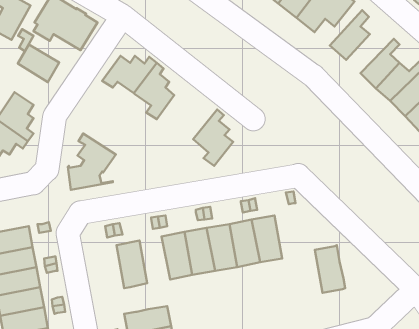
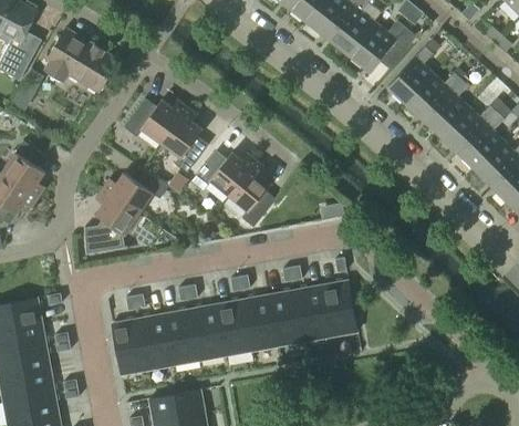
building: none -> [405,73,460,120]
building: [18,45,59,82] -> none
building: none -> [189,150,256,196]
building: none -> [101,167,167,214]
building: none -> [166,309,201,363]
building: none -> [112,319,148,373]
building: [315,245,345,293] -> [322,279,357,334]

